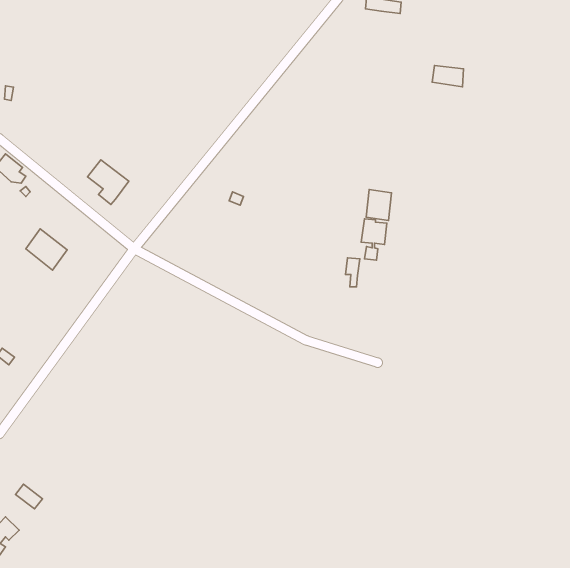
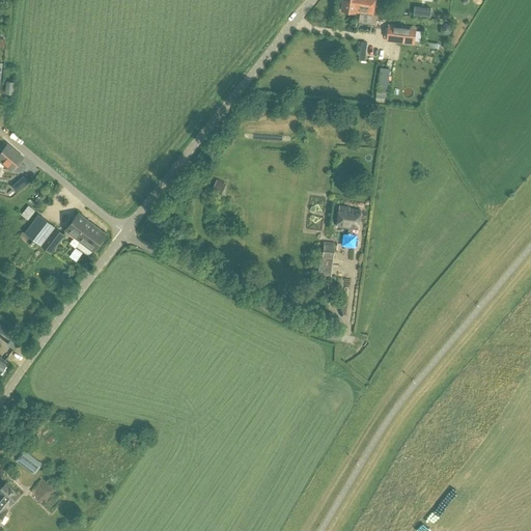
building: [432,66,464,87] -> [385,25,414,45]
building: [87,160,129,205] -> [65,213,104,254]
building: [366,190,392,221] -> none

